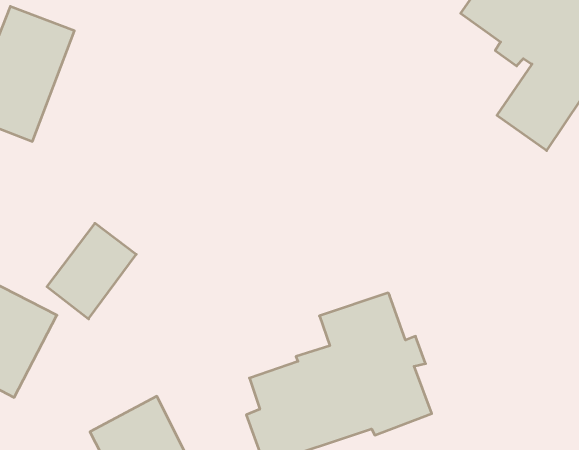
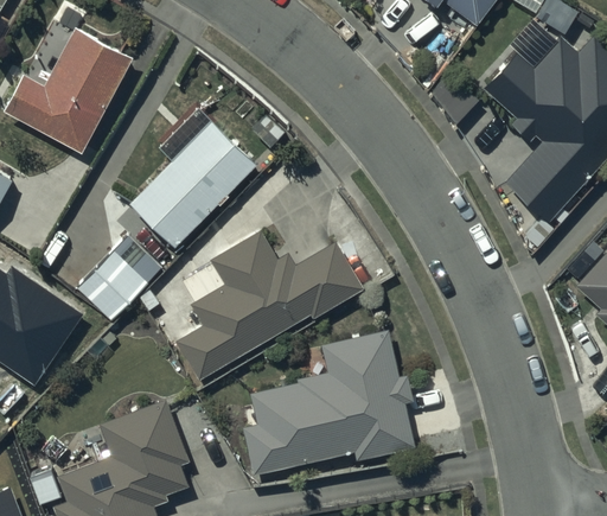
building: none -> [130,104,256,247]
building: none -> [177,230,363,378]

